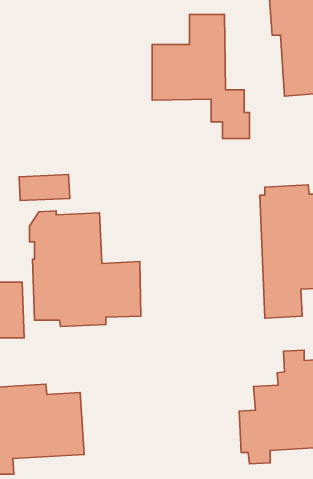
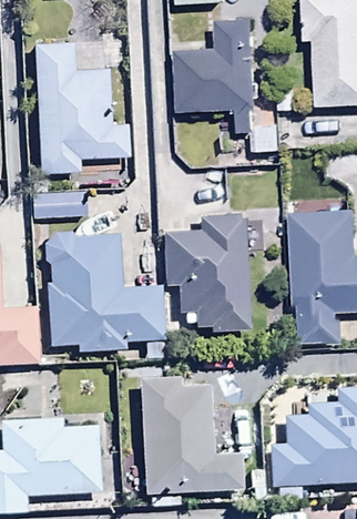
building: none -> [34,41,128,170]
building: none -> [162,213,262,333]
building: none -> [141,377,243,508]

